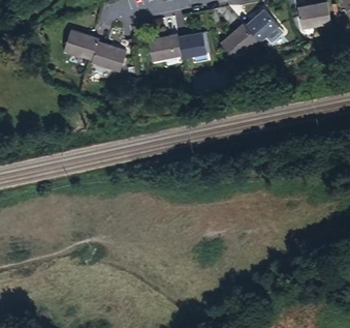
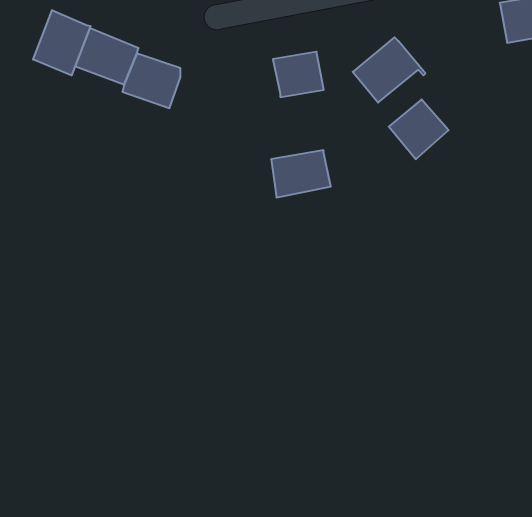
building: none -> [33,10,91,75]
building: [241,13,275,48] -> [389,99,449,159]
building: [139,38,173,65] -> [271,150,331,197]

